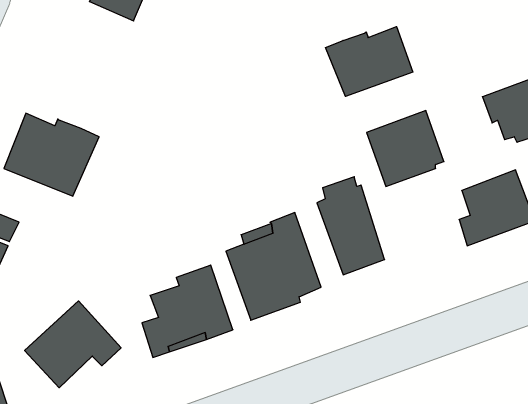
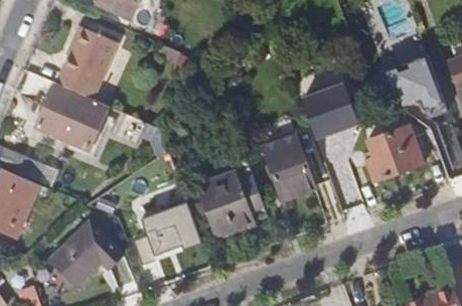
building: [325,27,413,96] -> none
building: none -> [58,24,116,96]

